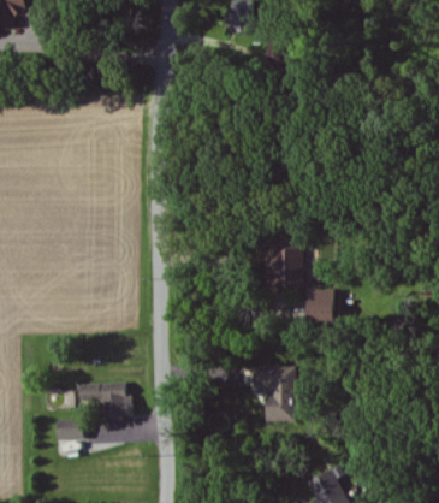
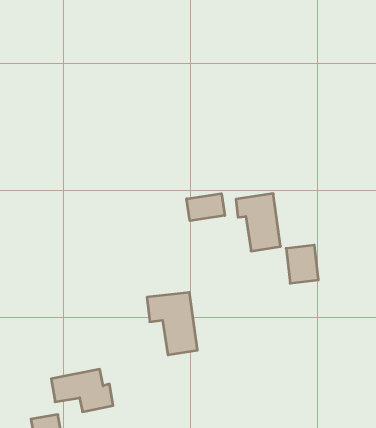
building: none -> [187,194,225,221]
building: [254,367,295,422] -> [147,292,197,355]

